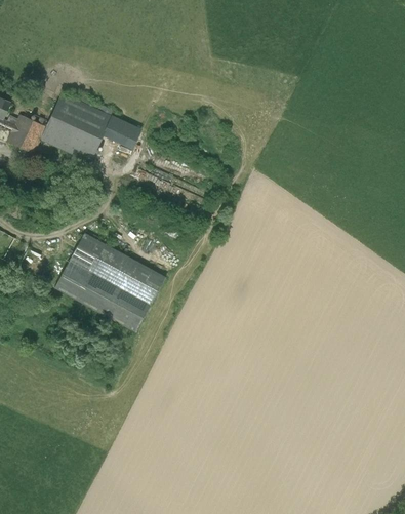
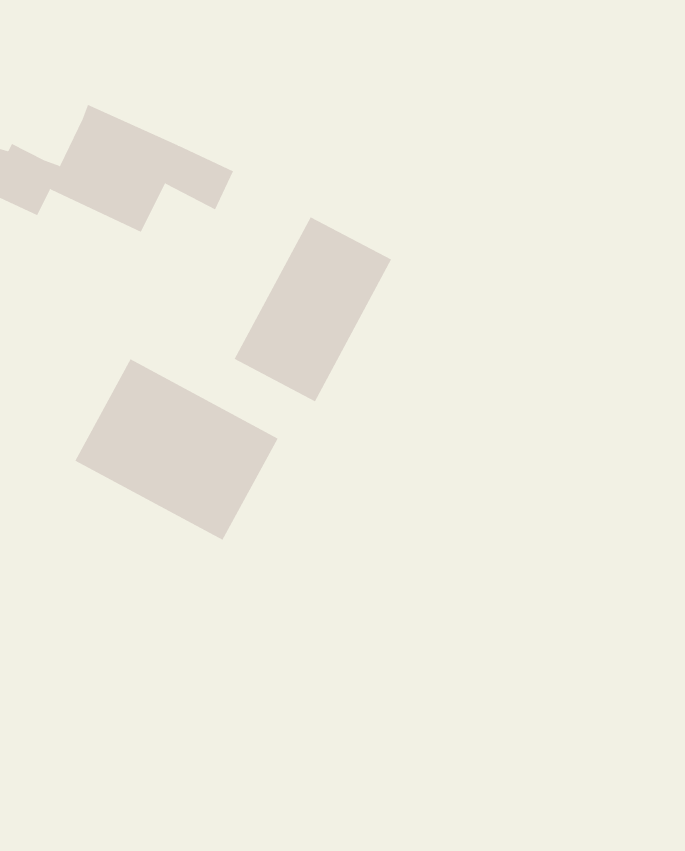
building: none -> [234,216,392,402]

